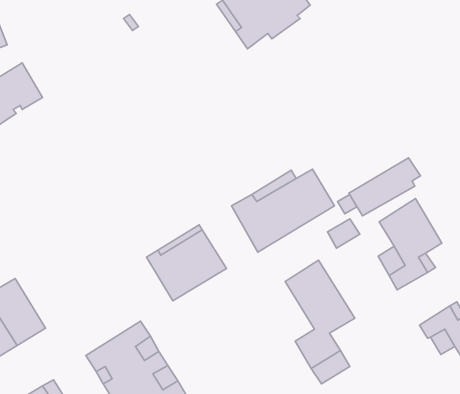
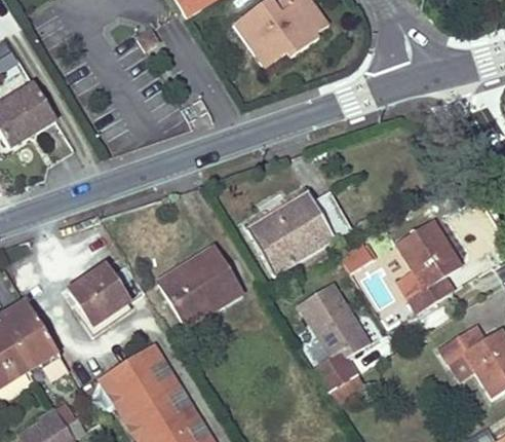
building: [349,158,420,216] -> none
building: none -> [70,267,127,327]

